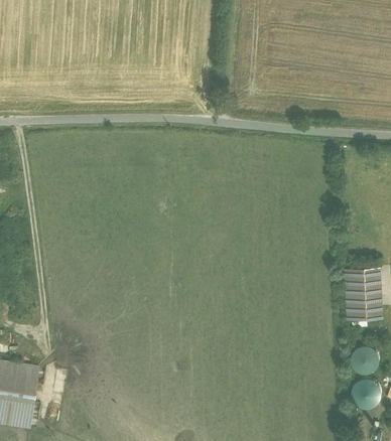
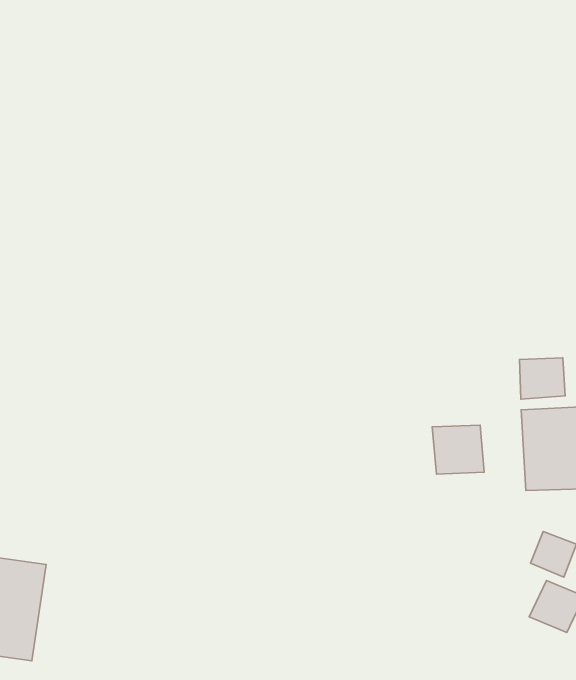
building: none -> [519,358,565,399]
building: none -> [432,425,484,474]

